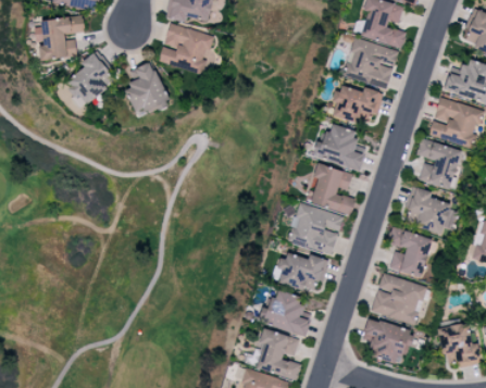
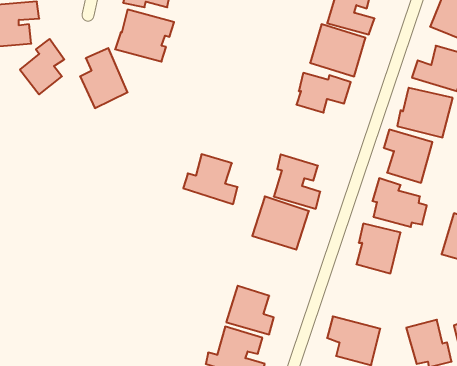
building: [312,123,364,171] -> [183,154,238,204]
building: [274,251,329,291] -> none
building: [371,273,426,324] -> none

